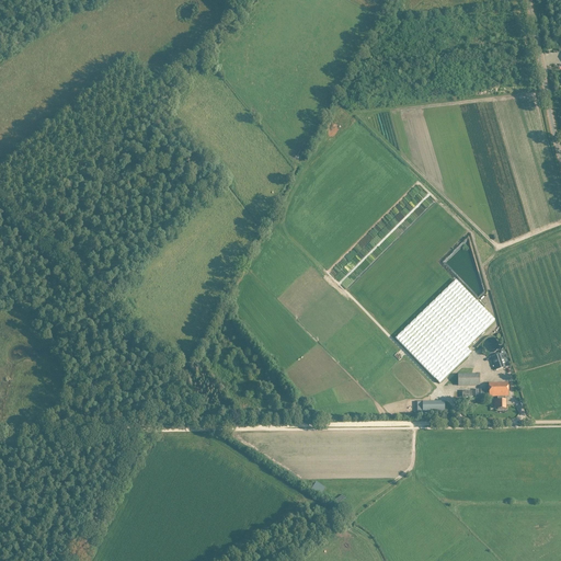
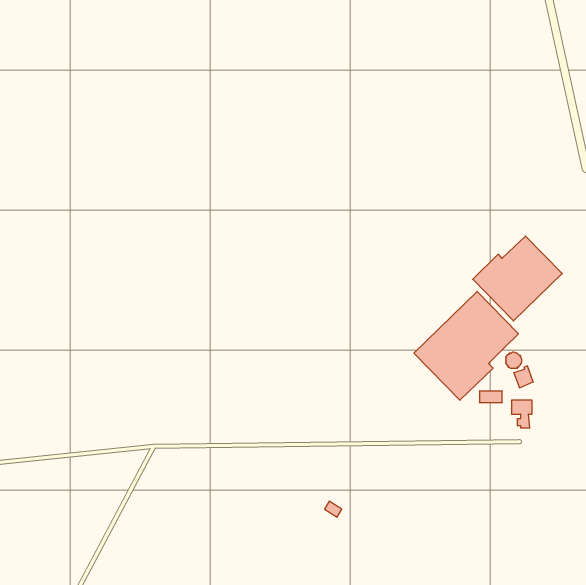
building: none -> [473,236,562,321]

